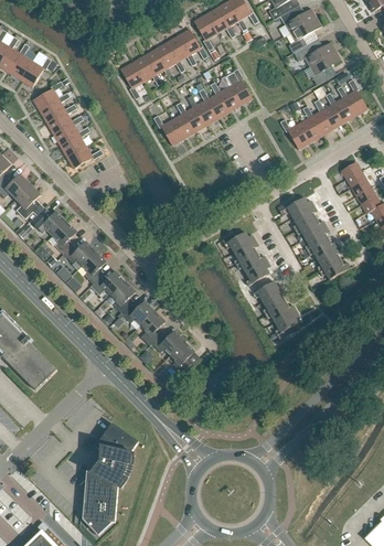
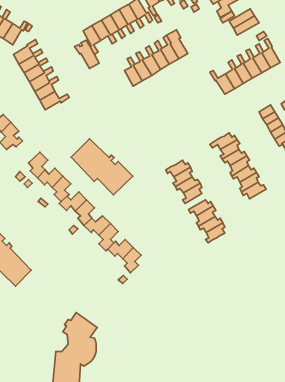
building: [152,109,183,144] -> [75,40,99,68]
building: none -> [71,139,133,195]
building: [31,206,66,234] -> none

